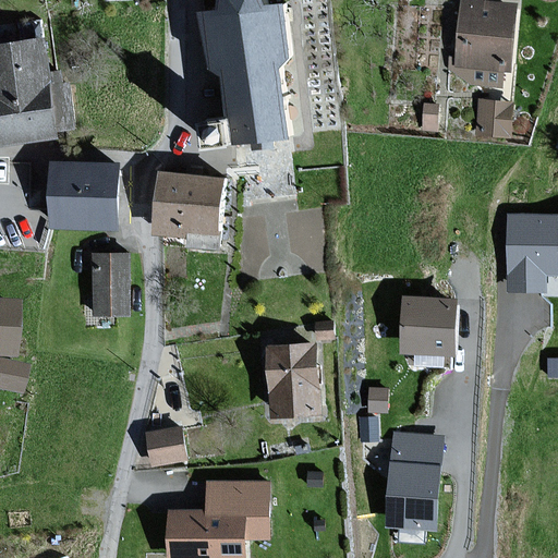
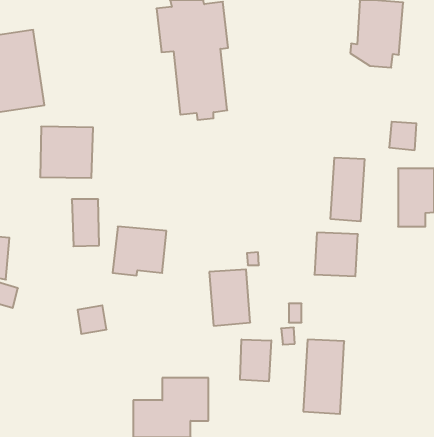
building: [475,99,510,135] -> [389,122,416,150]
building: [154,172,222,234] -> [113,227,166,275]
building: none -> [331,158,364,221]
building: [147,427,184,463] -> [78,305,107,334]
building: none -> [240,339,271,381]

